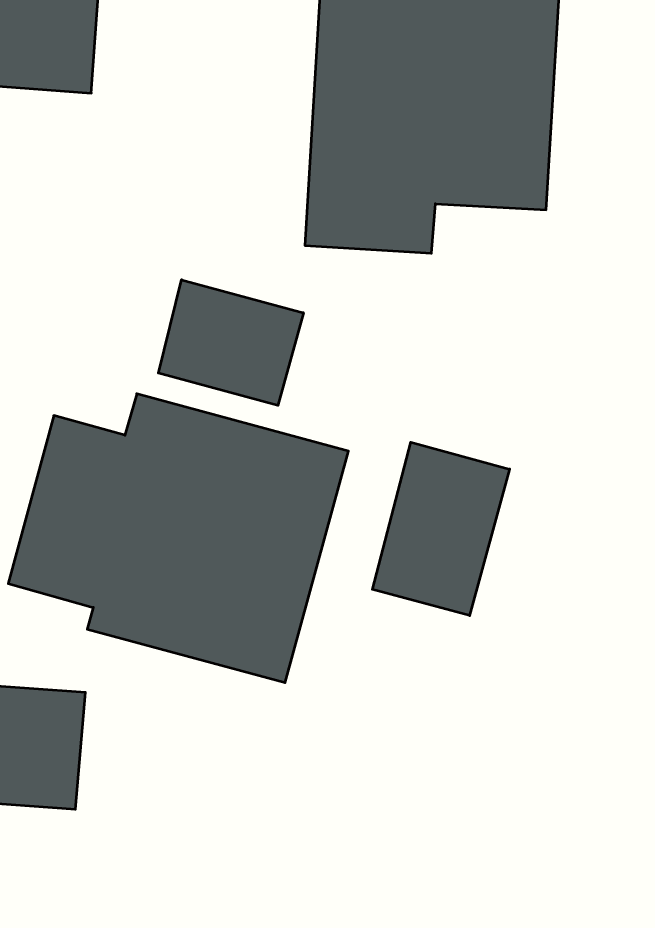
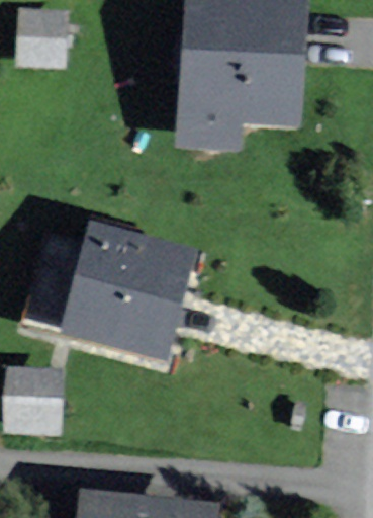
building: [158,280,303,405] -> none
building: [372,442,510,616] -> none

